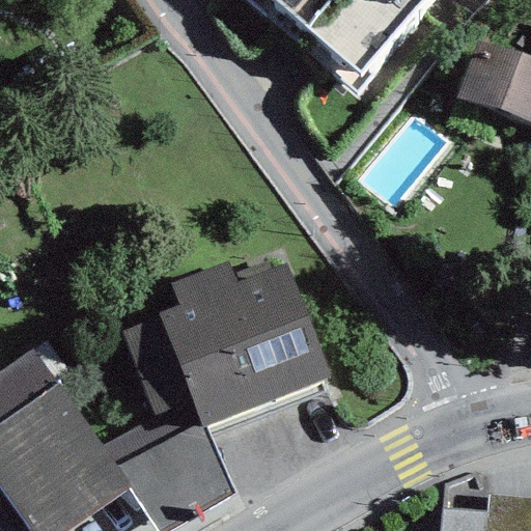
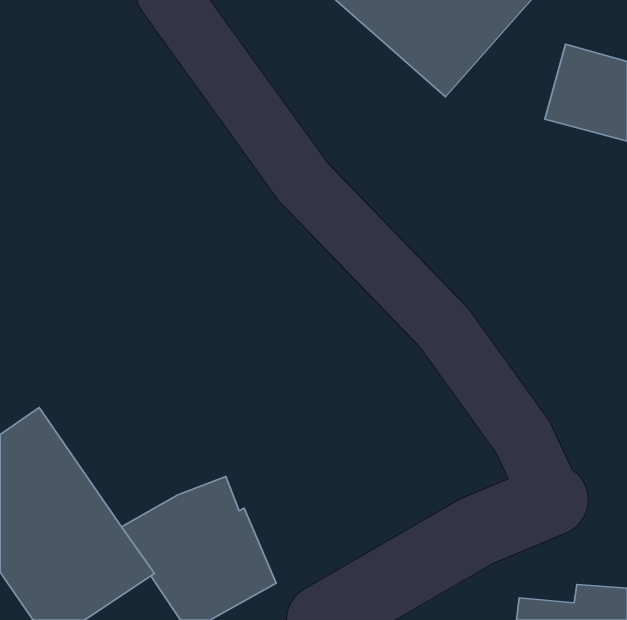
building: [118,267,329,431] -> none

